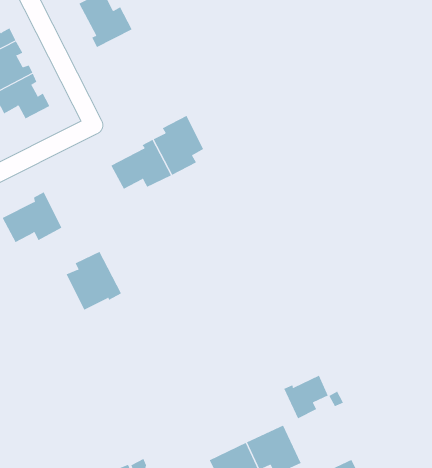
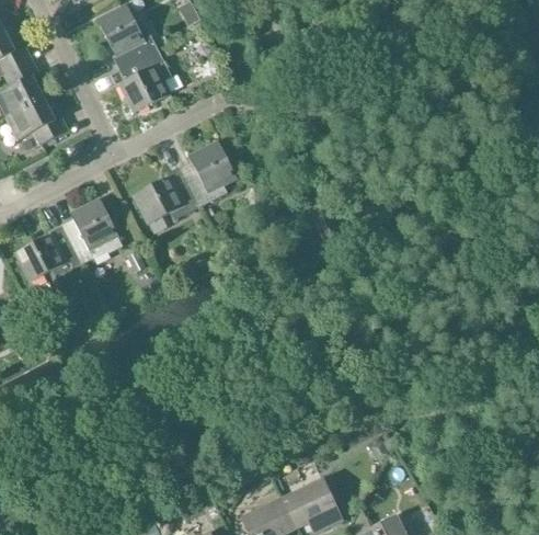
building: none -> [117,48,171,112]
building: [66,251,122,310] -> [60,200,122,264]
building: [284,375,329,419] -> none

